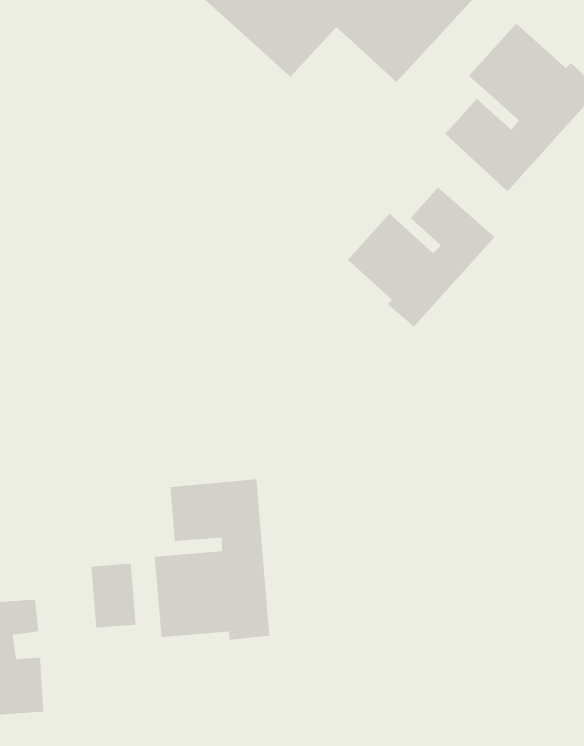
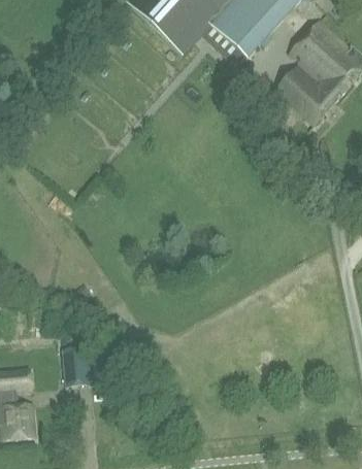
building: [347,186,495,327] -> none
building: [154,478,270,640] -> none

